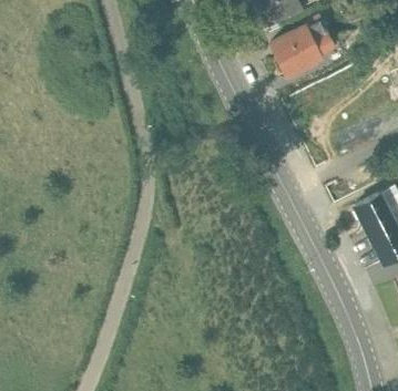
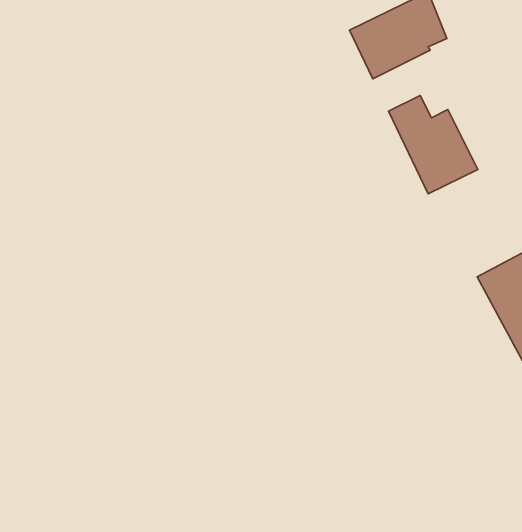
building: none -> [389,95,478,194]

